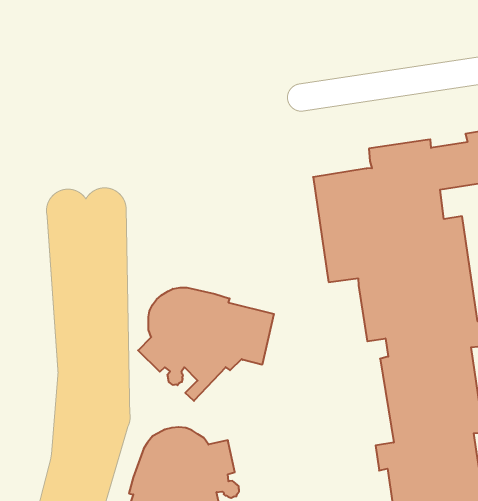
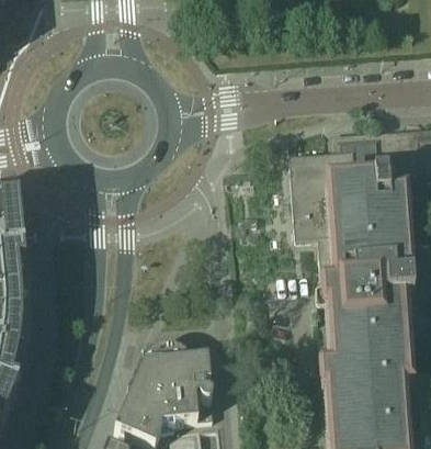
building: [138,288,274,401] -> none

